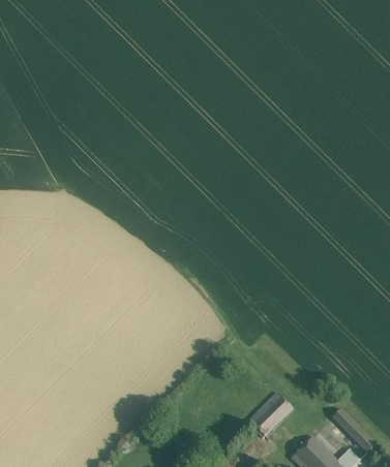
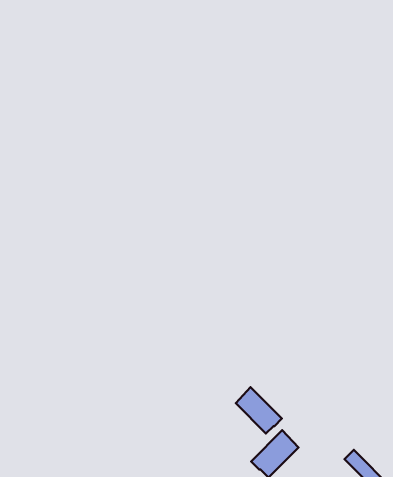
building: none -> [236,387,282,433]

